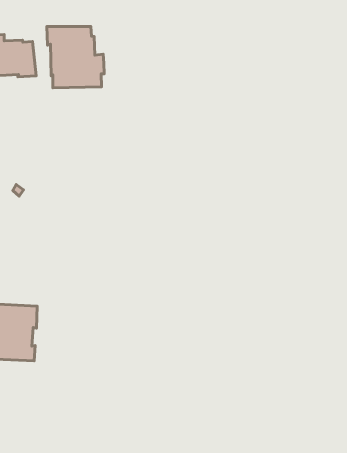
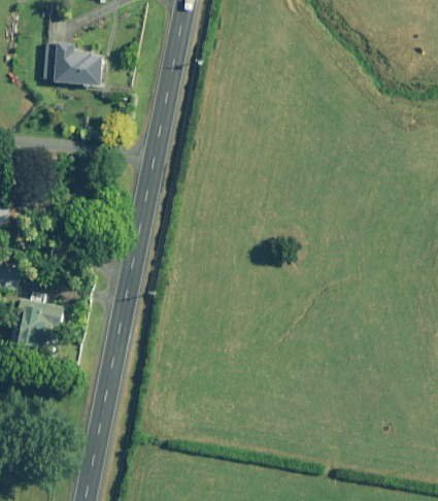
building: [47,26,104,88] -> none

